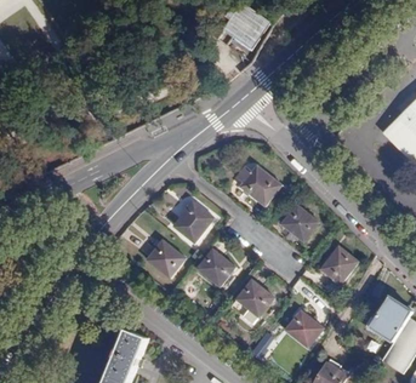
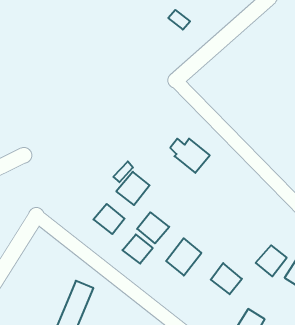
building: [279,205,315,240] -> none
building: [318,247,354,284] -> [256,245,287,276]
building: none -> [122,234,153,264]

